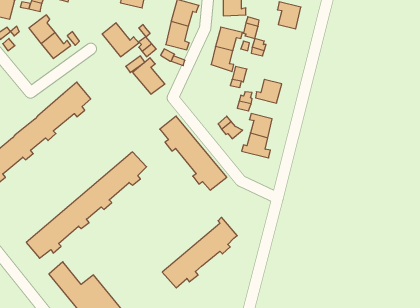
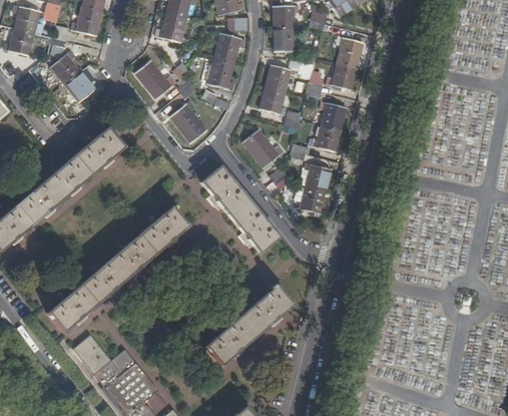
building: none -> [326,62,357,91]
building: none -> [319,102,346,130]
building: none -> [242,129,284,168]

